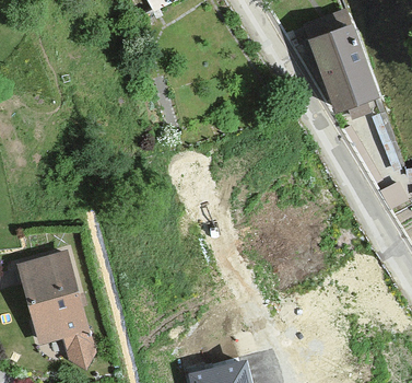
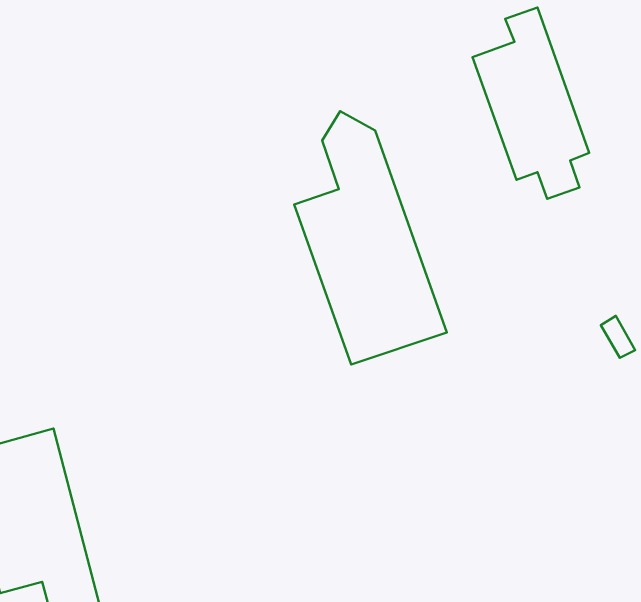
building: none -> [294,111,447,365]

